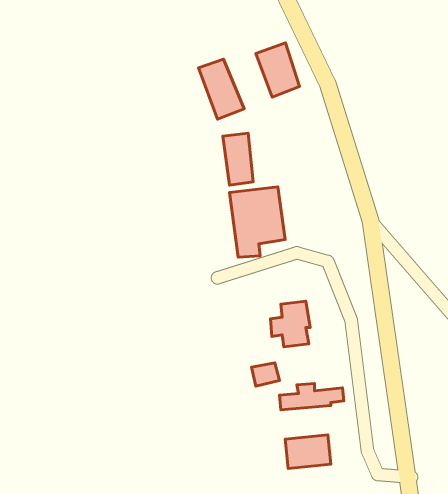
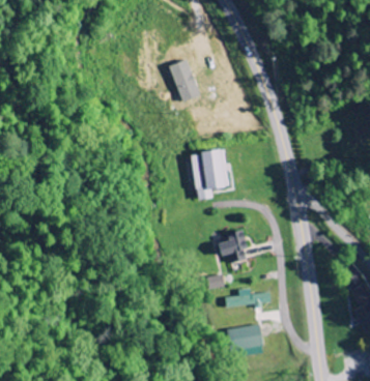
building: [256,43,299,97] -> none
building: [223,133,253,185] -> none

